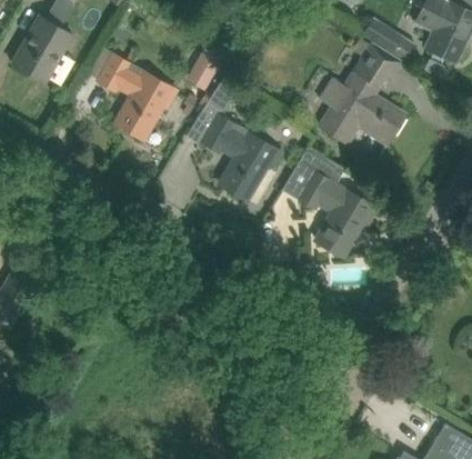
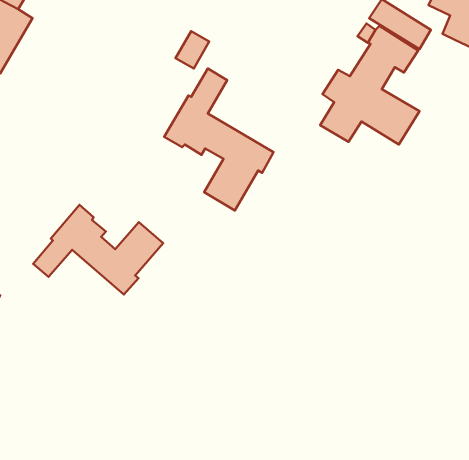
building: [100,54,177,138] -> none
building: [284,148,376,257] -> none
building: none -> [33,205,163,294]

